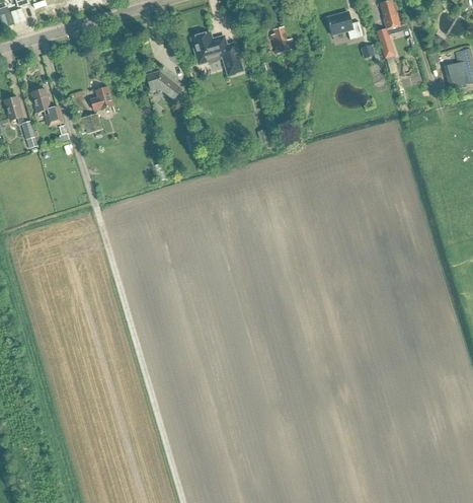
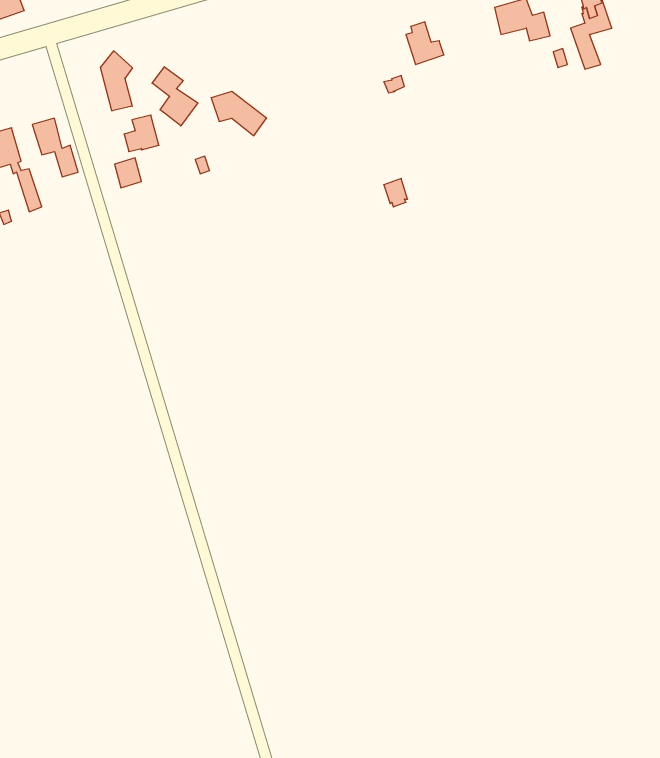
building: [191,31,242,75] -> none
building: none -> [100,51,132,111]
building: none -> [152,67,198,126]

